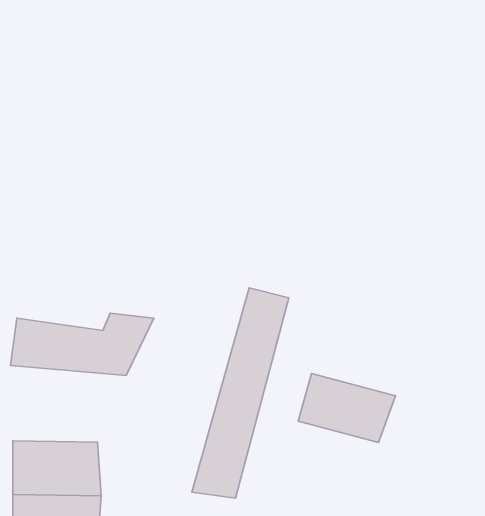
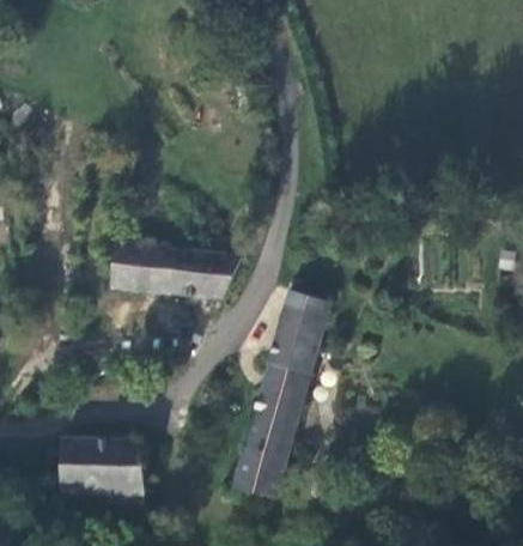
building: [11,313,154,375] -> [110,236,248,296]
building: [298,373,396,442] -> none

